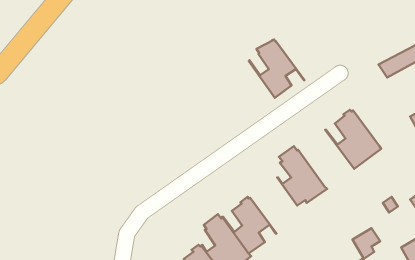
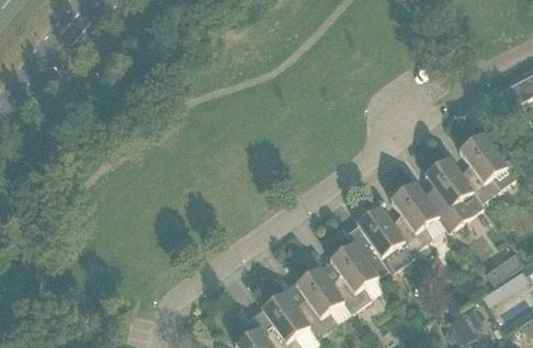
building: [249,39,305,98] -> [379,181,450,254]
building: none -> [449,132,515,204]
building: none -> [319,242,378,313]

